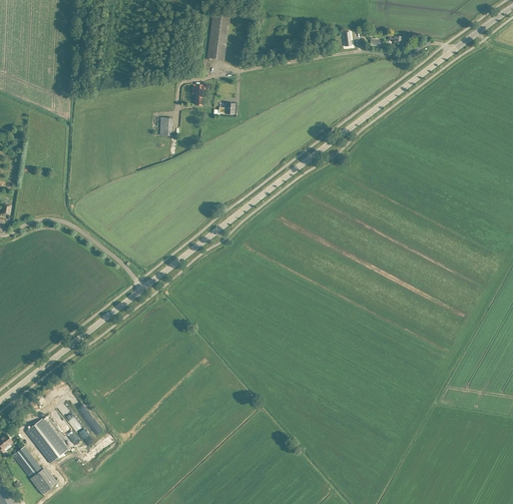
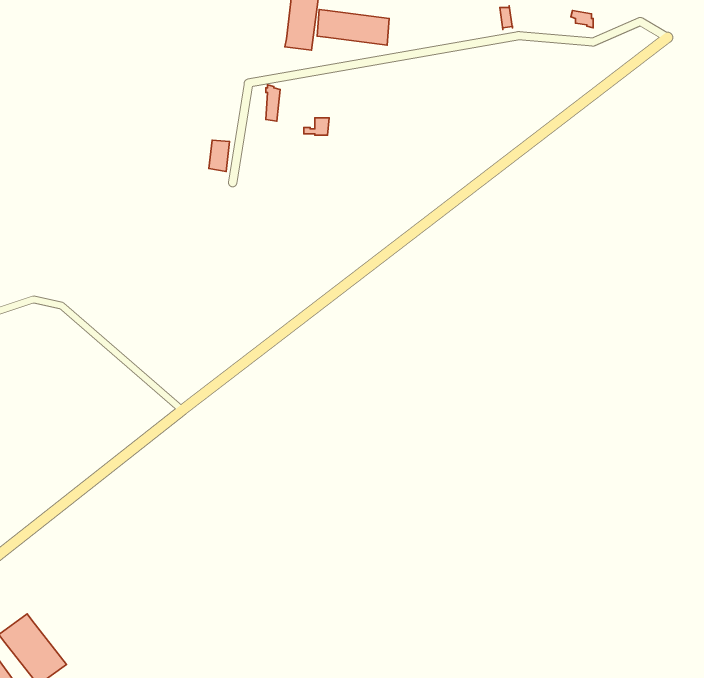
building: none -> [317,9,389,45]

